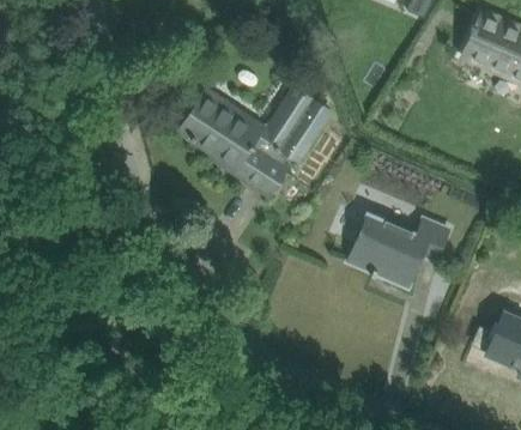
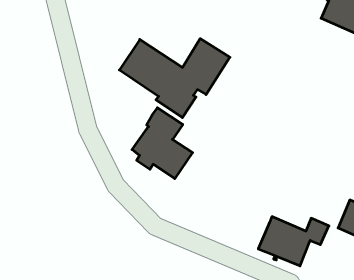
building: none -> [132,108,193,179]
building: [349,216,448,285] -> [258,217,329,266]

